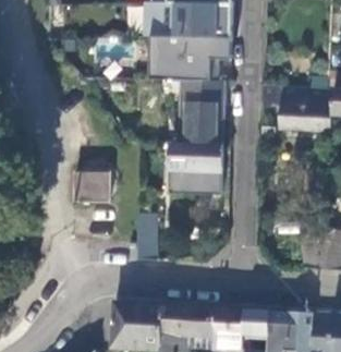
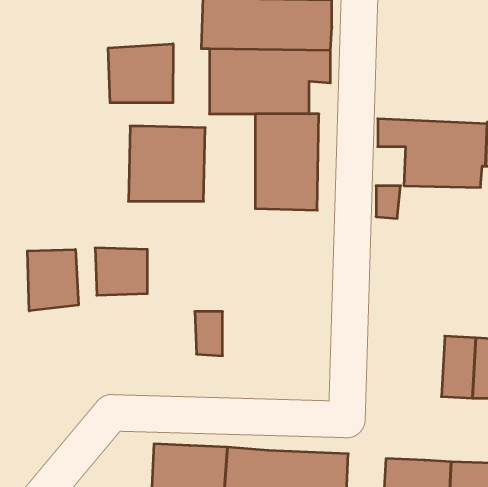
building: none -> [108,44,173,103]
building: [170,144,221,194] -> [128,126,205,201]
building: none -> [27,249,78,311]

